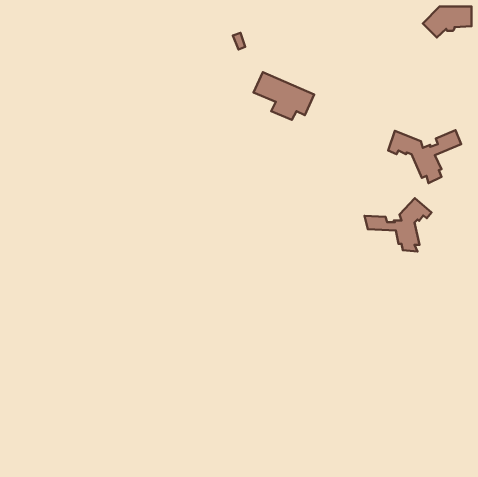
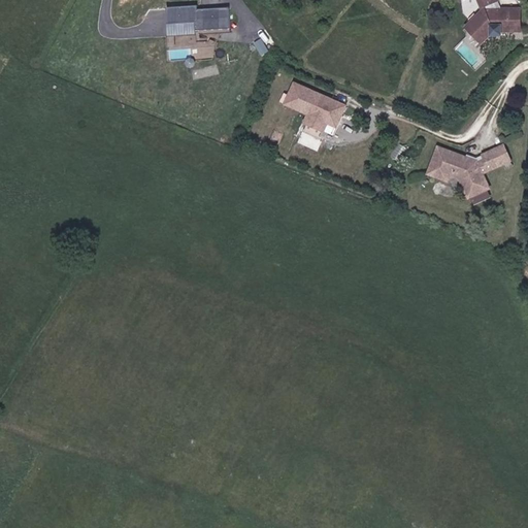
building: none -> [166,6,236,33]
building: [365,198,432,251] -> none

